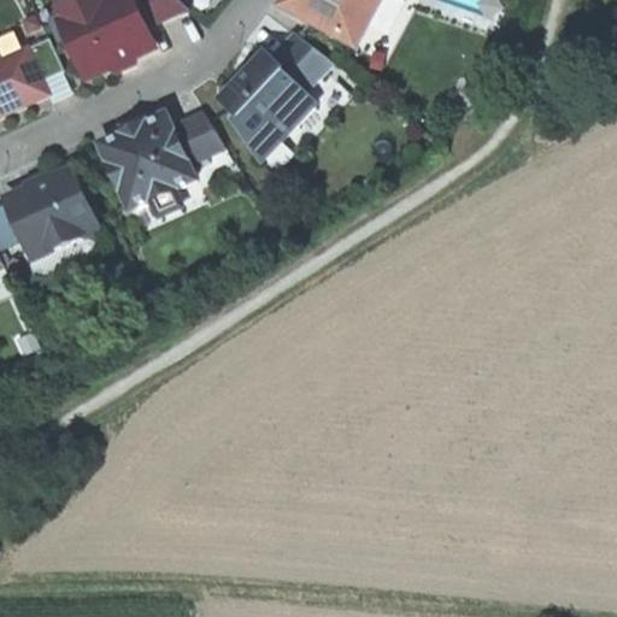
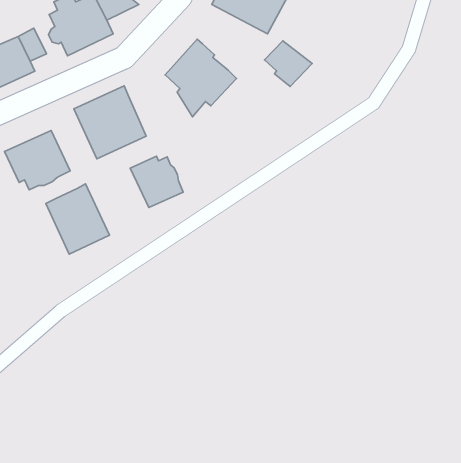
building: [268,33,330,93] -> [265,41,312,86]
building: [170,113,223,163] -> none
building: none -> [130,156,183,208]
building: none -> [46,184,110,254]

